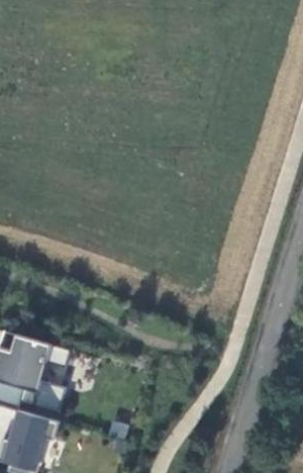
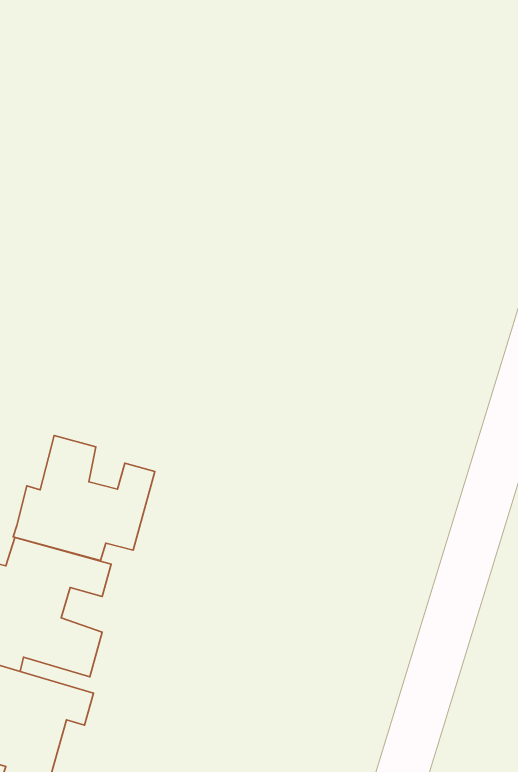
building: none -> [13,435,155,560]

